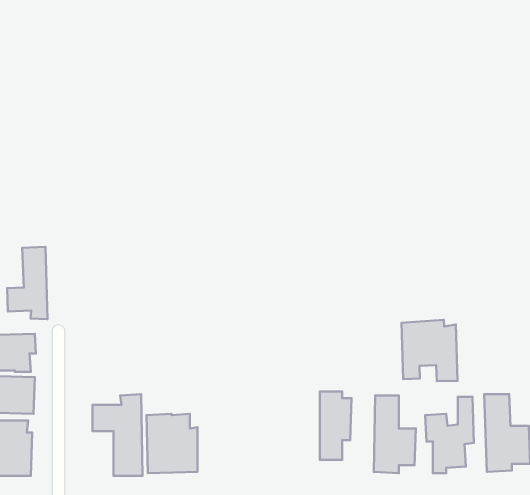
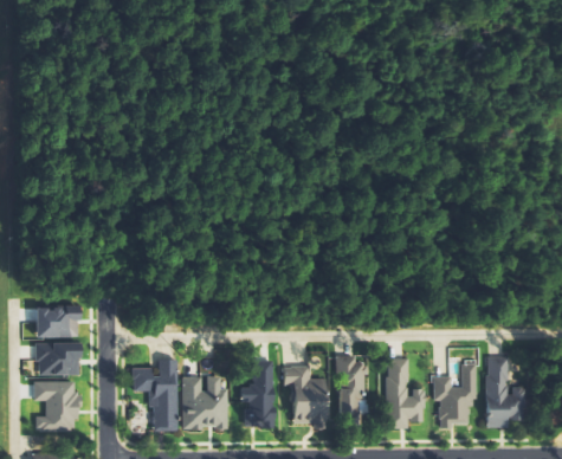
building: [7,247,48,319] -> none
building: [401,320,457,381] -> none
building: none -> [241,361,274,427]
building: none -> [284,366,329,424]

